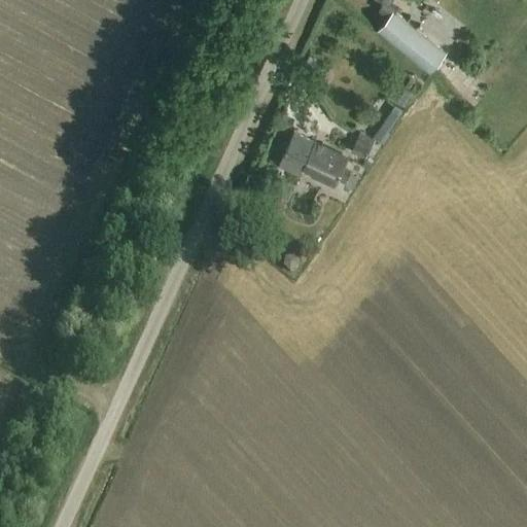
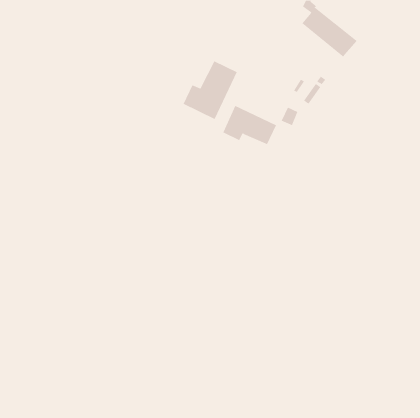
building: none -> [183,60,238,120]

